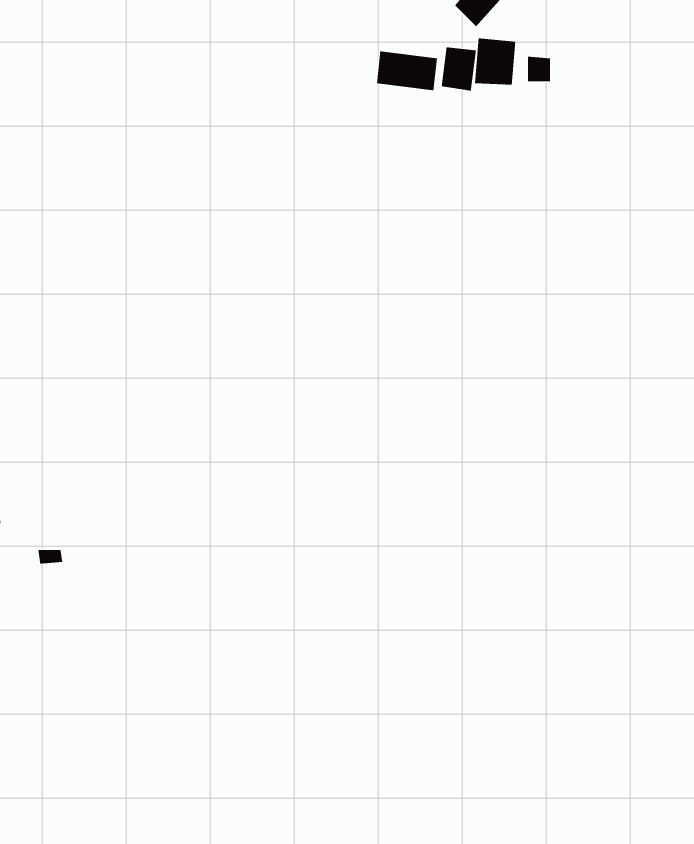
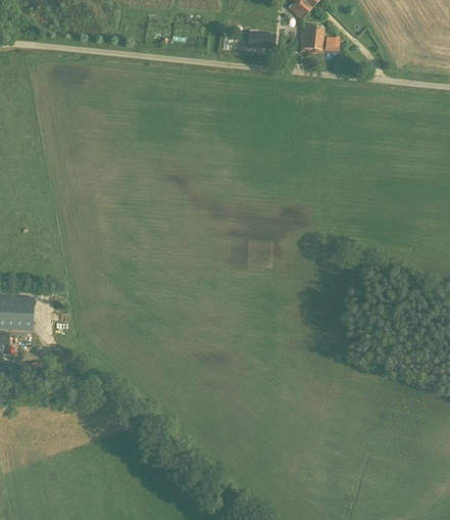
building: [441,46,476,92] -> none

